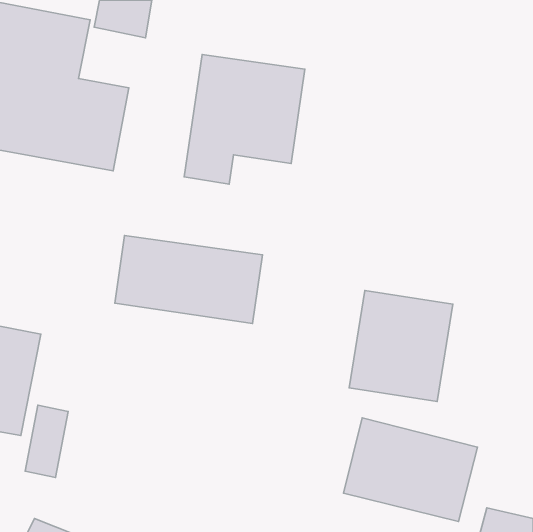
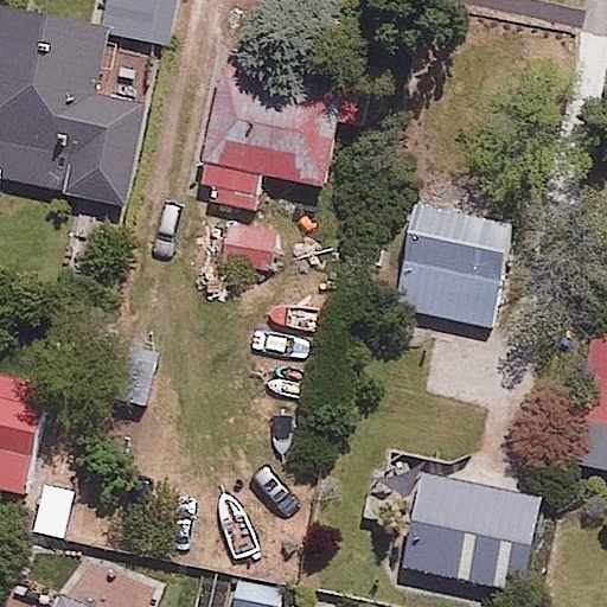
building: [115,235,263,324] -> none
building: [349,291,453,402] -> [394,200,511,326]

